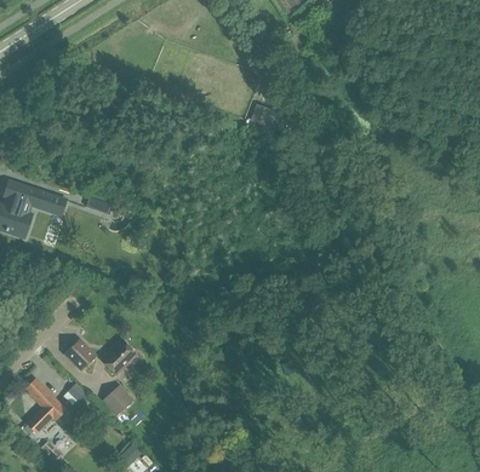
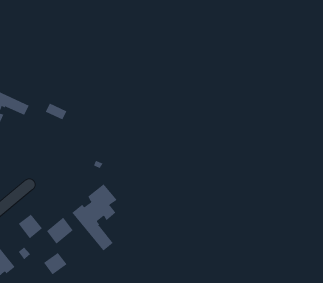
building: [250,104,282,136] -> none
building: none -> [72,183,117,252]

